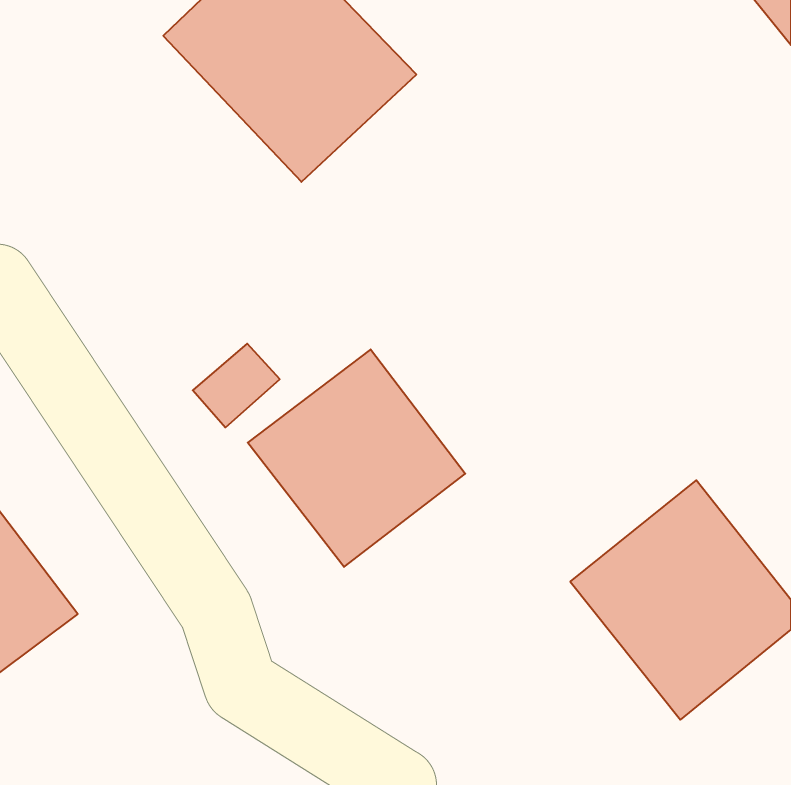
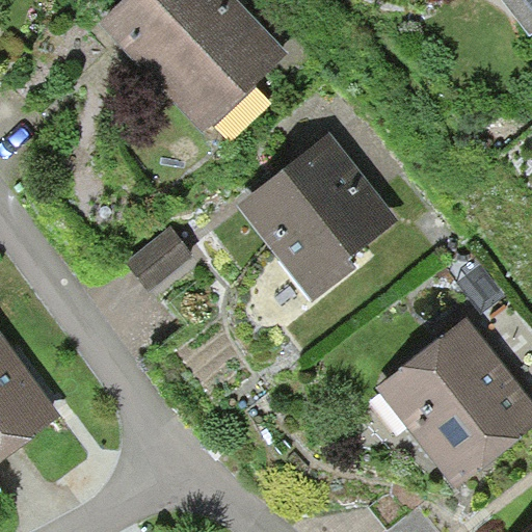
building: [248,349,465,567] -> [249,141,395,287]

